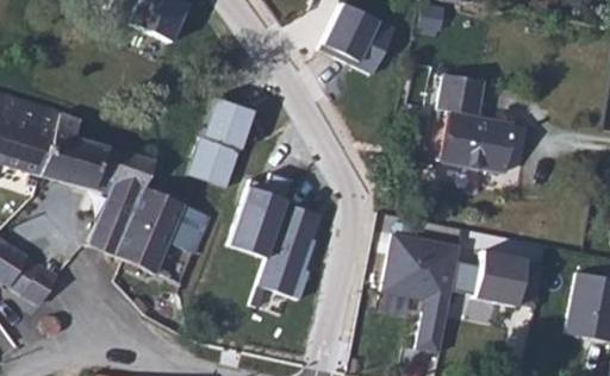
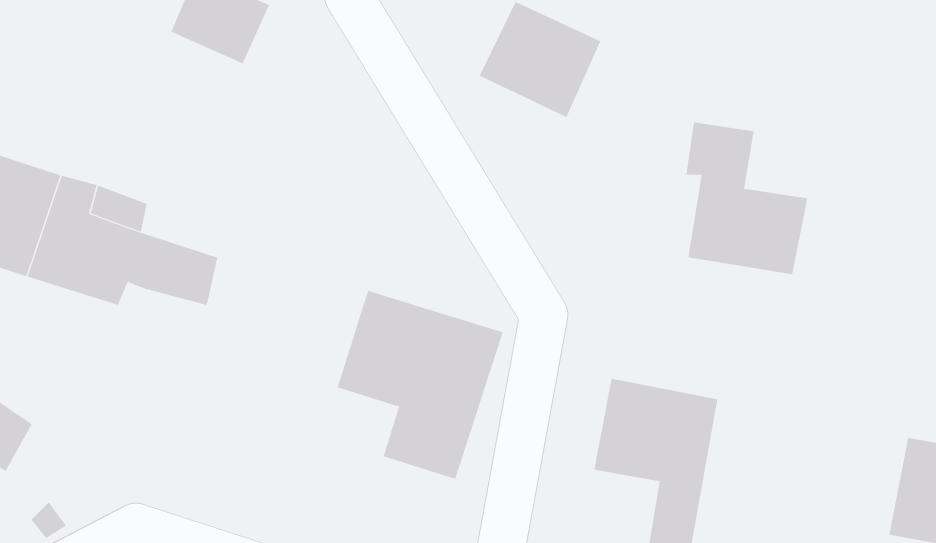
building: [186,95,253,187] -> none
building: [88,182,210,286] -> none
building: [480,253,550,309] -> none

